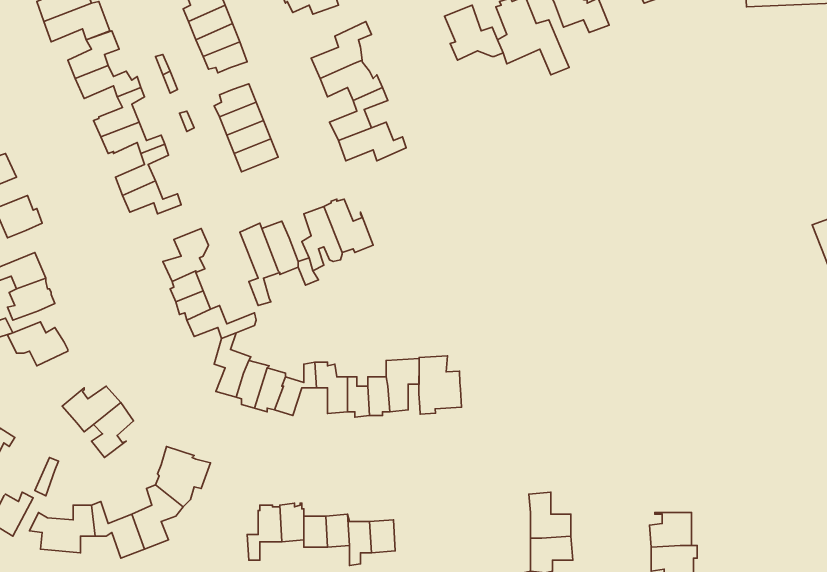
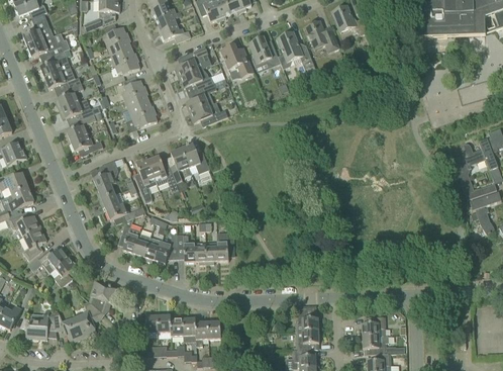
building: none -> [220,43,254,77]
building: none -> [22,227,46,261]
building: [419,356,461,414] -> none

